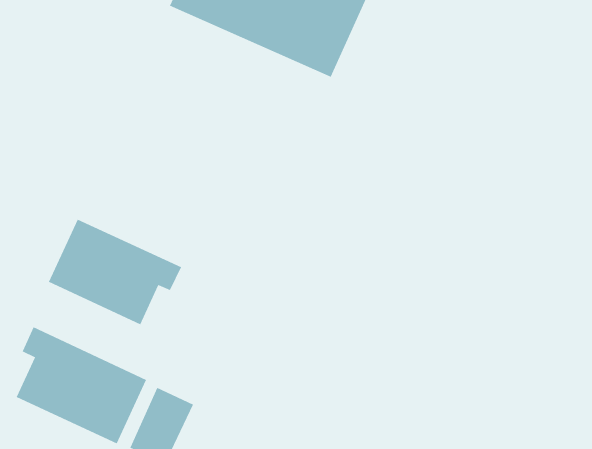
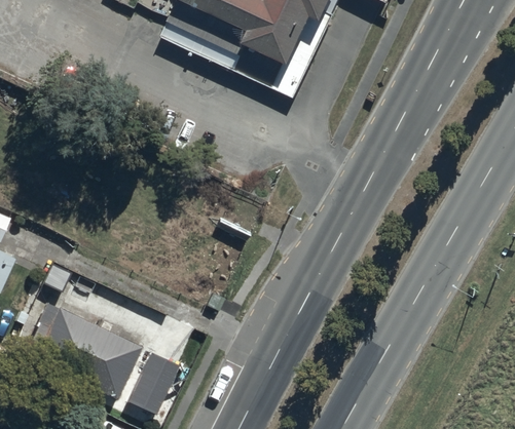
building: [48,219,182,325] -> none

